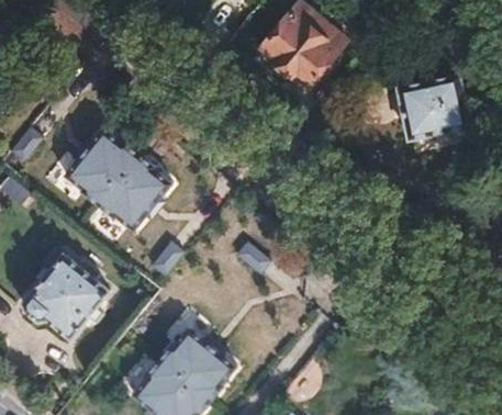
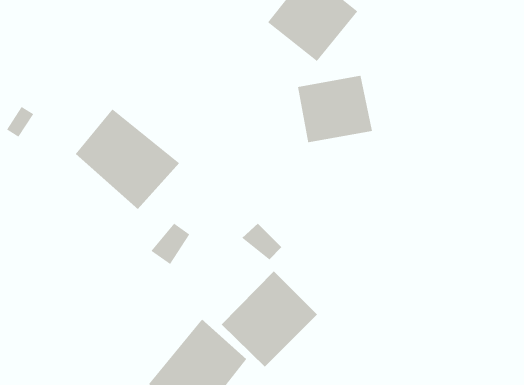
building: [394,79,466,143] -> [297,75,373,143]
building: [16,255,103,339] -> none
building: none -> [221,270,318,367]

